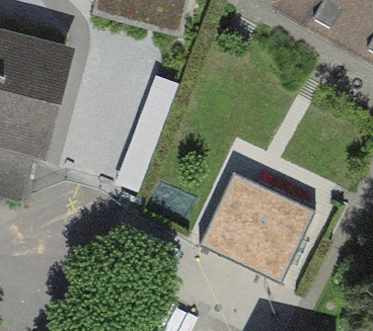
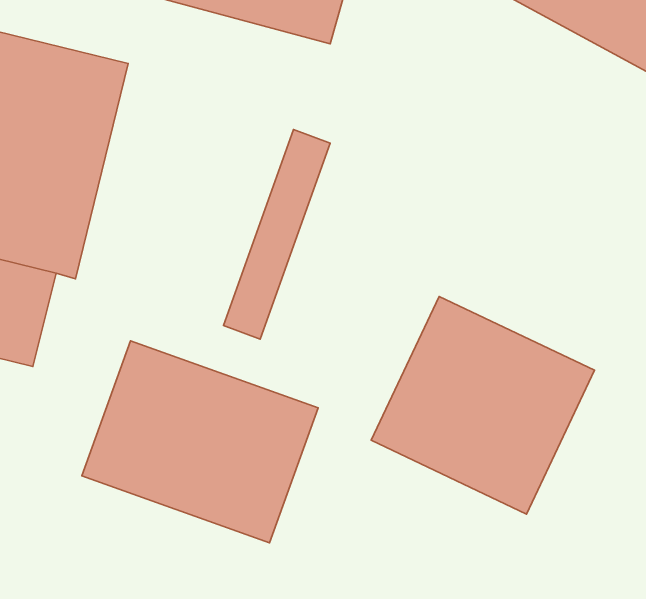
building: none -> [82,341,318,543]

